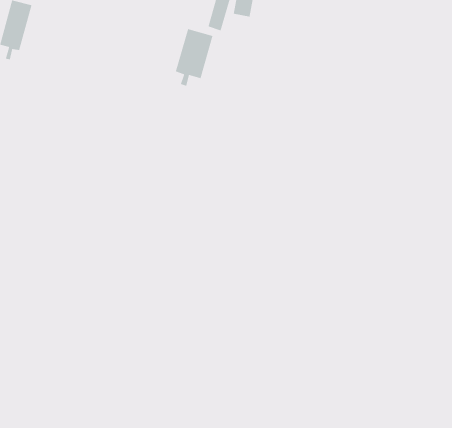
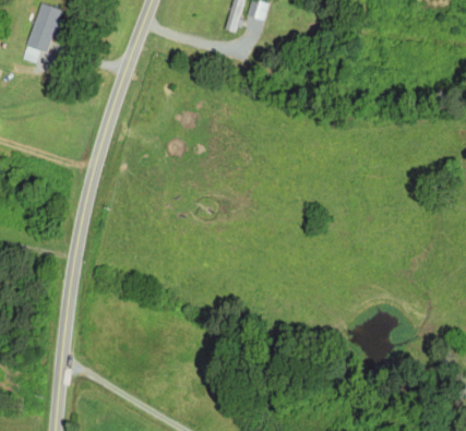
building: [175,28,214,87] -> none

